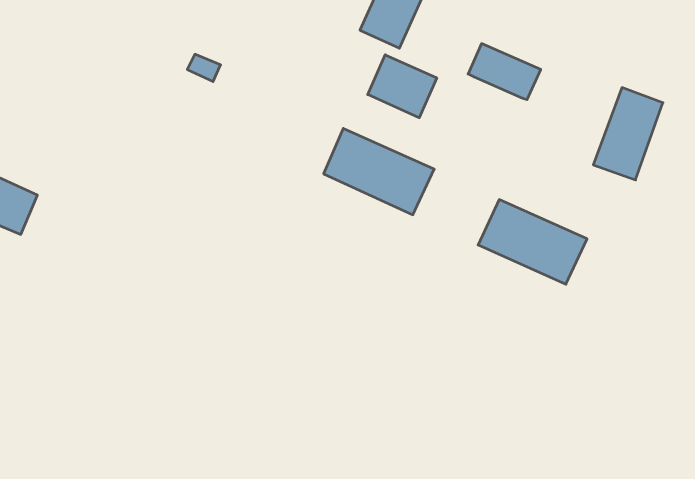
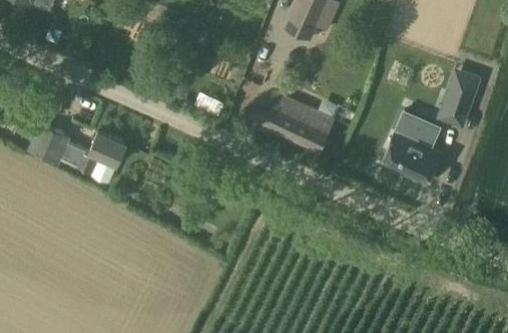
building: [468,44,541,100] -> [394,110,442,147]
building: [368,55,437,118] -> none
building: none -> [76,132,126,175]

